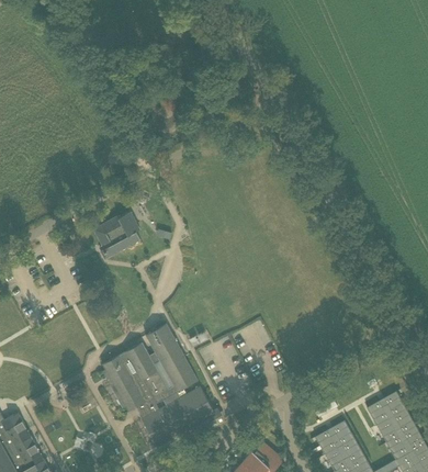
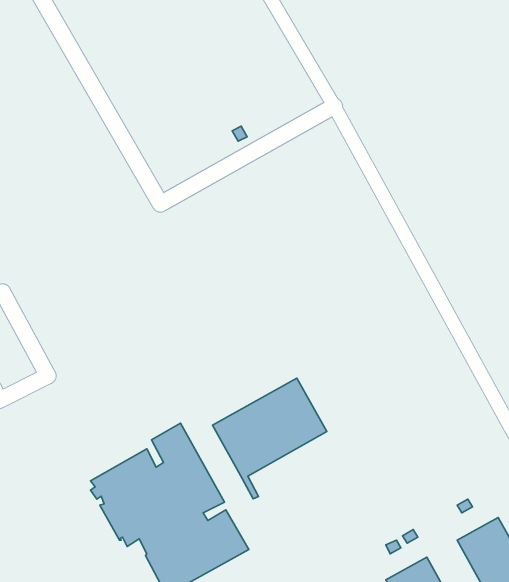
building: [93,211,140,259] -> none
building: none -> [212,378,327,499]

